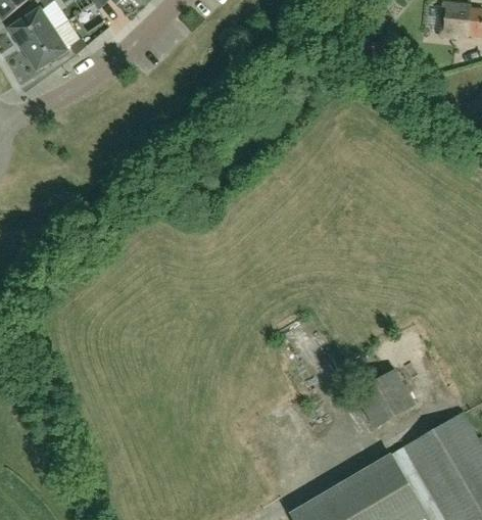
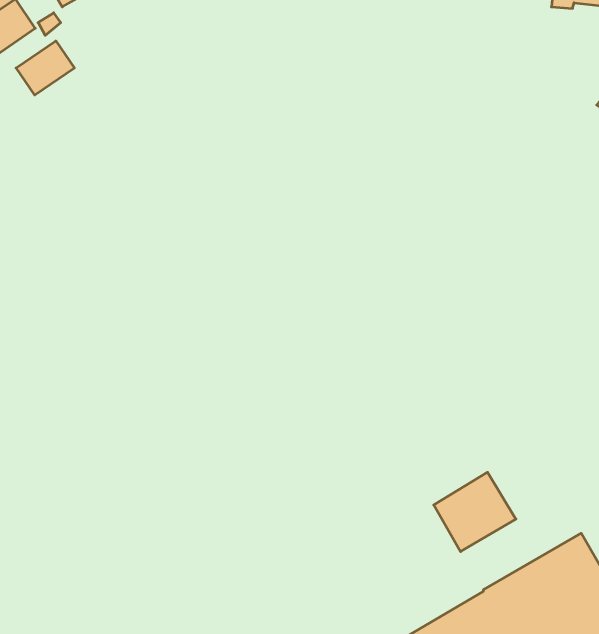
building: none -> [16,41,74,95]

